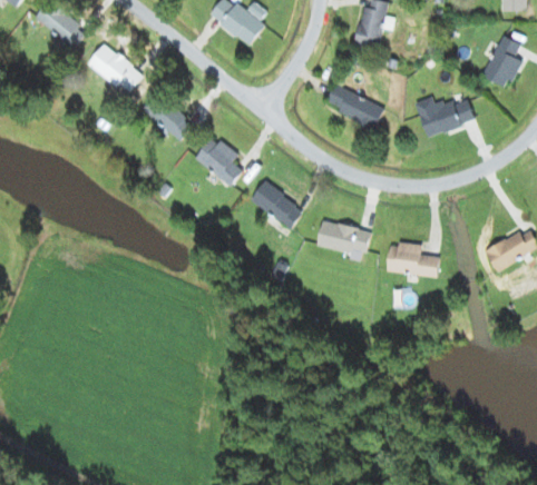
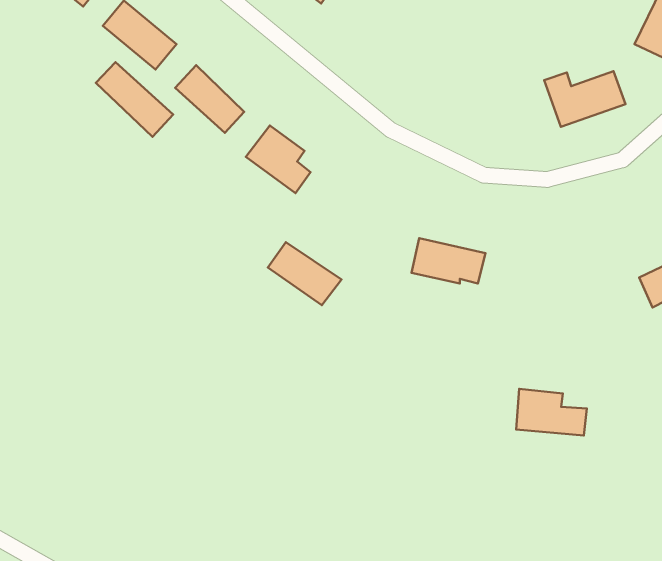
building: [328,86,384,128] -> none
building: none -> [96,62,173,137]
building: [250,181,304,228] -> [268,242,342,305]
building: [387,241,439,276] -> [516,389,587,436]

